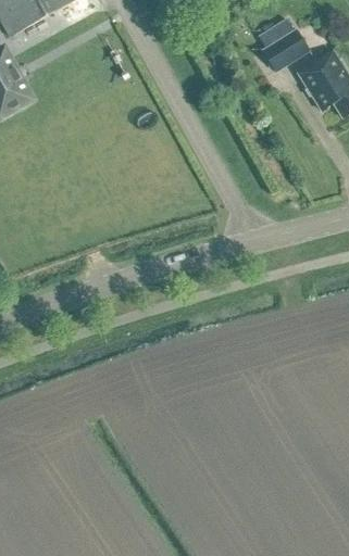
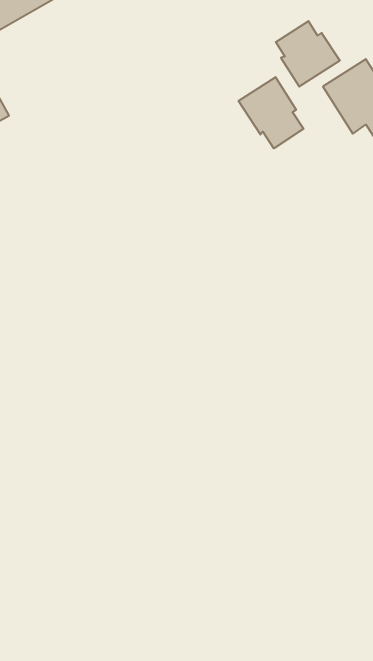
building: none -> [239,77,303,148]

